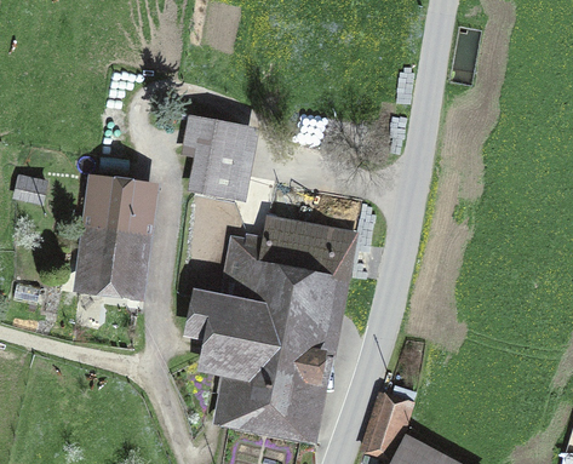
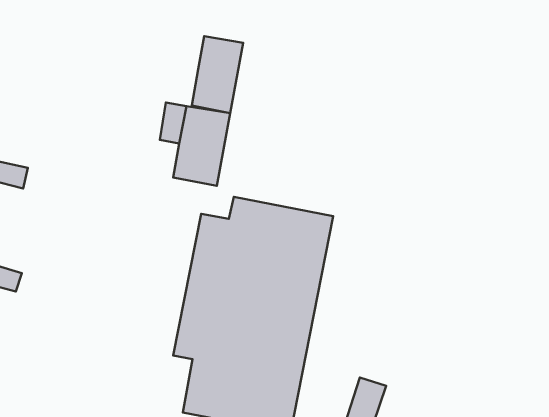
building: none -> [192,36,243,113]
building: [75,178,150,296] -> none

